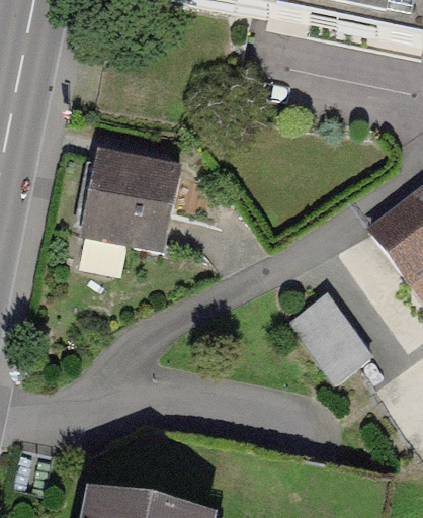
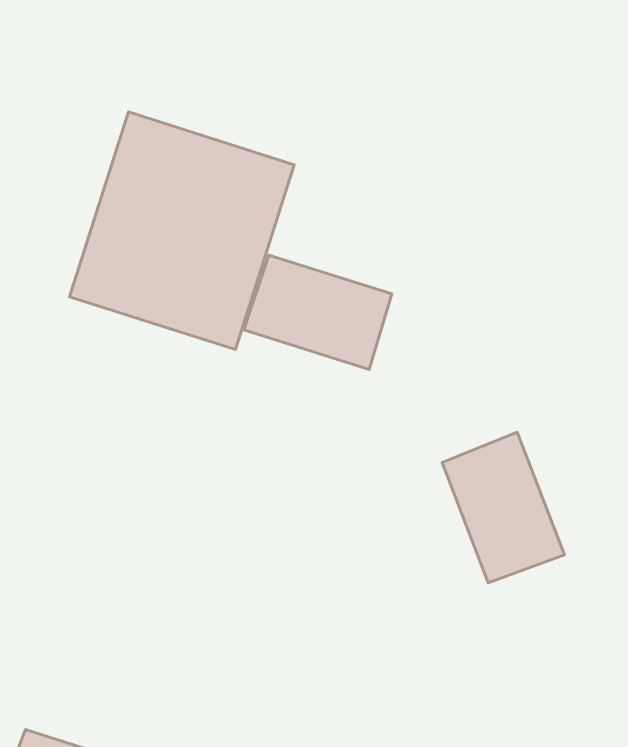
building: none -> [244,255,392,370]

